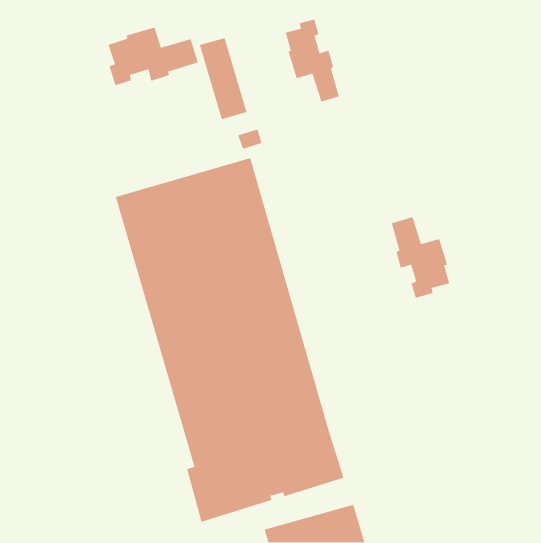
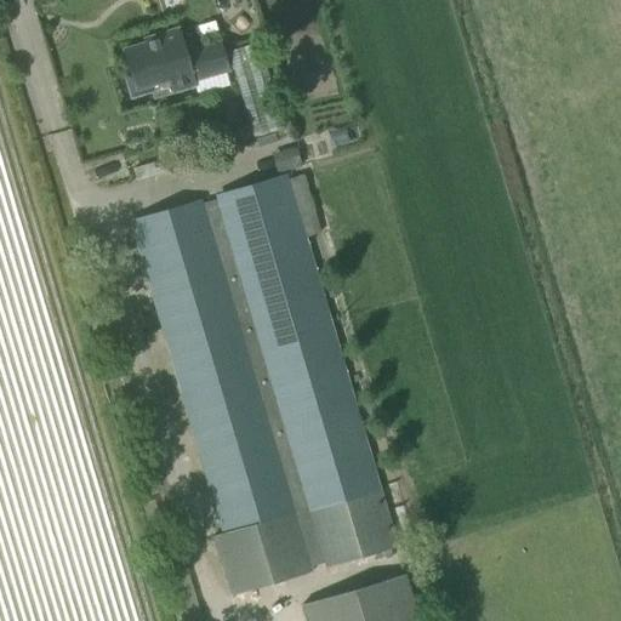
building: [285,18,340,103] -> none
building: [391,216,450,299] -> none

